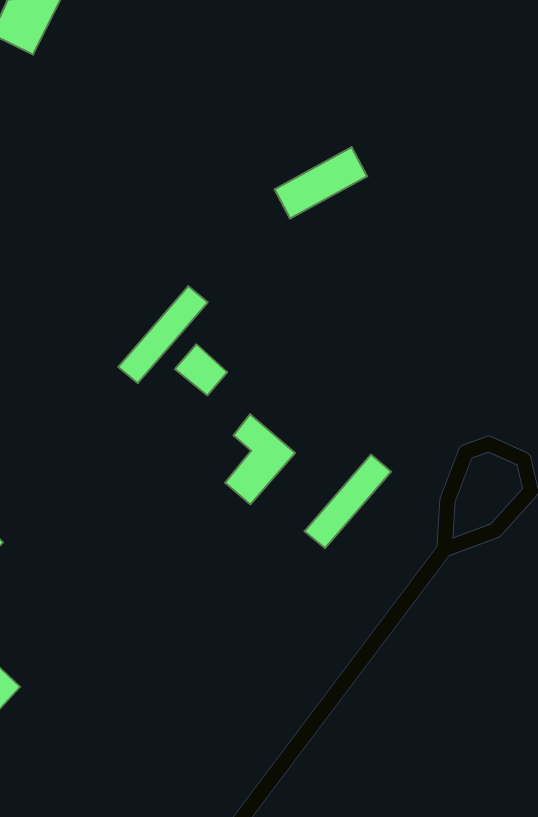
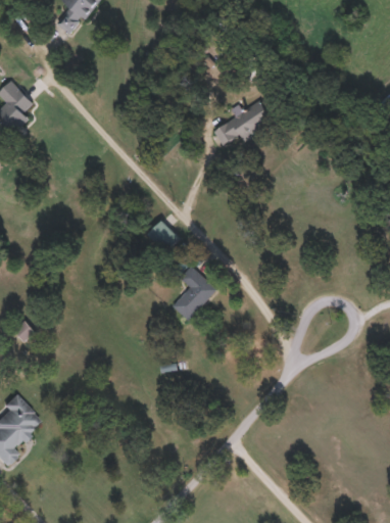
building: [118,286,208,383] -> none
building: [304,455,391,548] -> none

